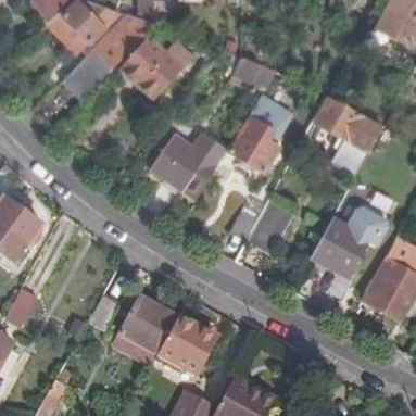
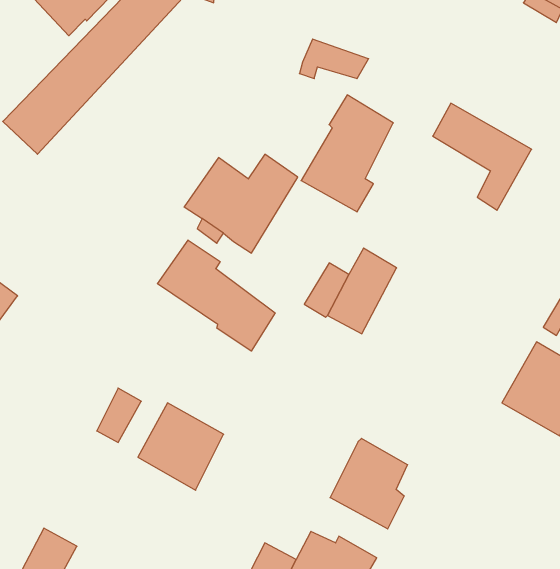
building: [122,37,181,98] -> none
building: none -> [157,240,275,351]
building: [311,207,385,274] -> none
building: [159,314,210,374] -> [330,438,408,529]

